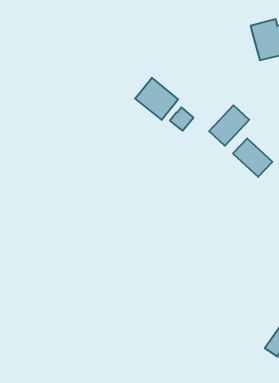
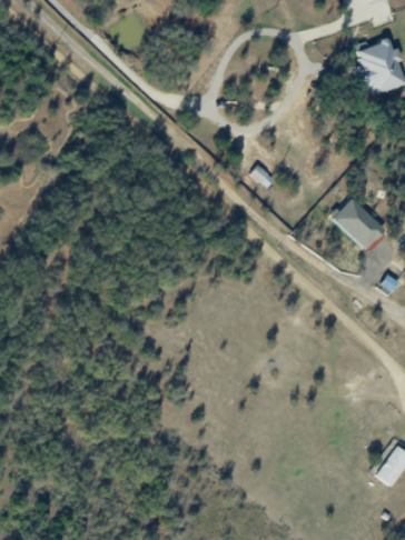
building: [135,78,178,120] -> none
building: [209,105,249,146] -> none

